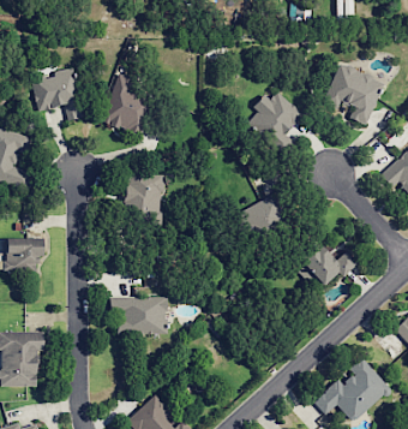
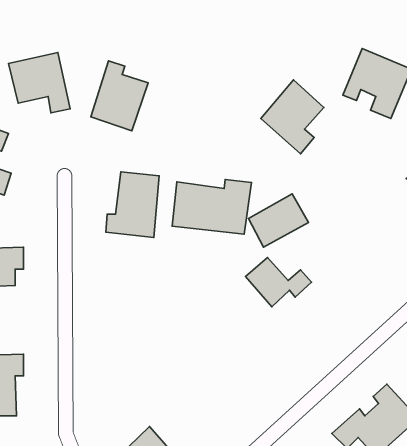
building: none -> [172,180,252,234]
building: [298,240,355,284] -> [246,257,311,307]
building: [109,296,168,334] -> none

